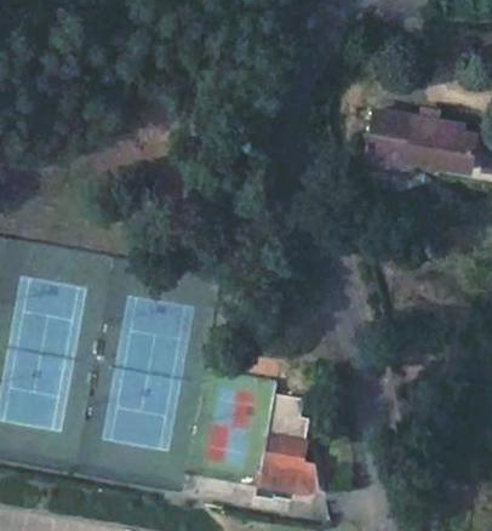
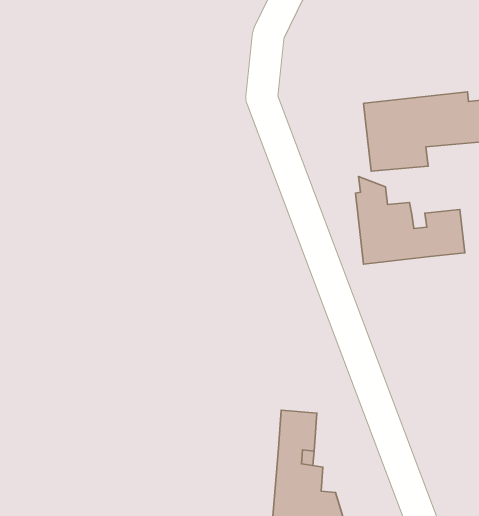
building: none -> [355,176,465,264]

